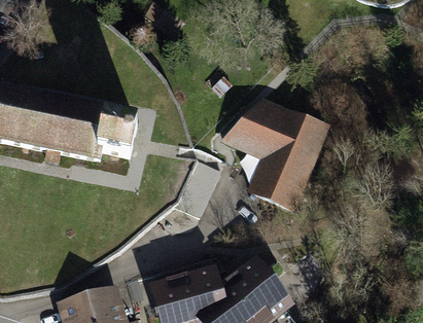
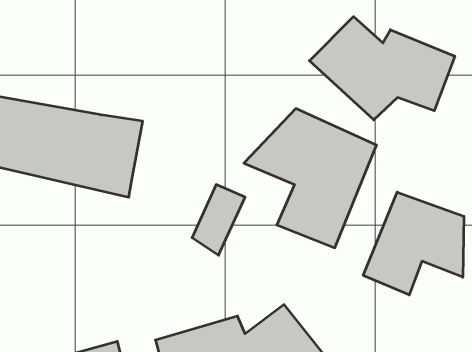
building: none -> [309,17,455,120]
building: none -> [363,192,464,295]

